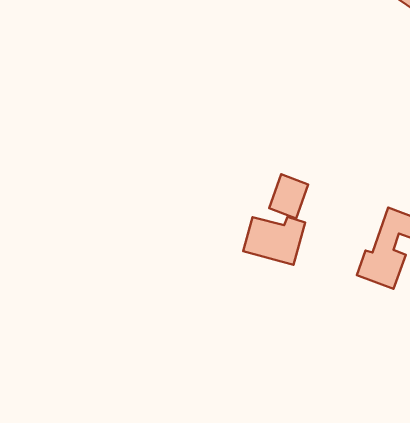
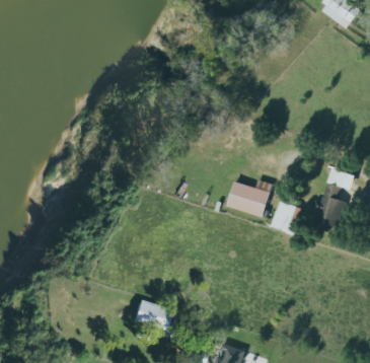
building: [269,174,308,218] -> [272,202,299,233]
building: none -> [134,300,171,329]

